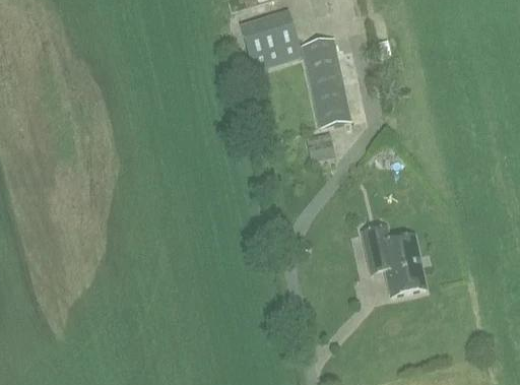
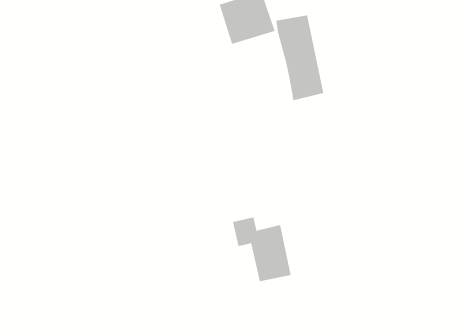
building: [362,224,425,294] -> [232,217,291,282]

